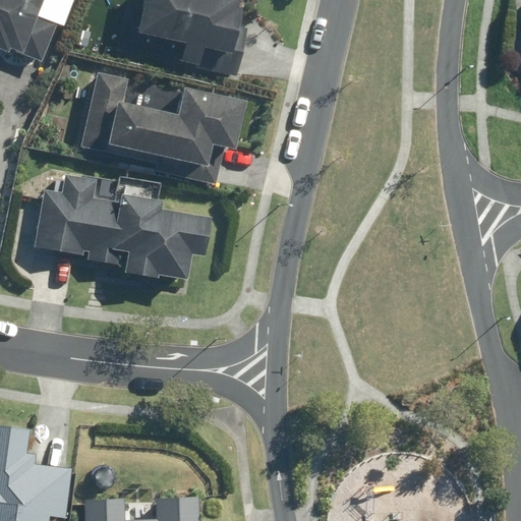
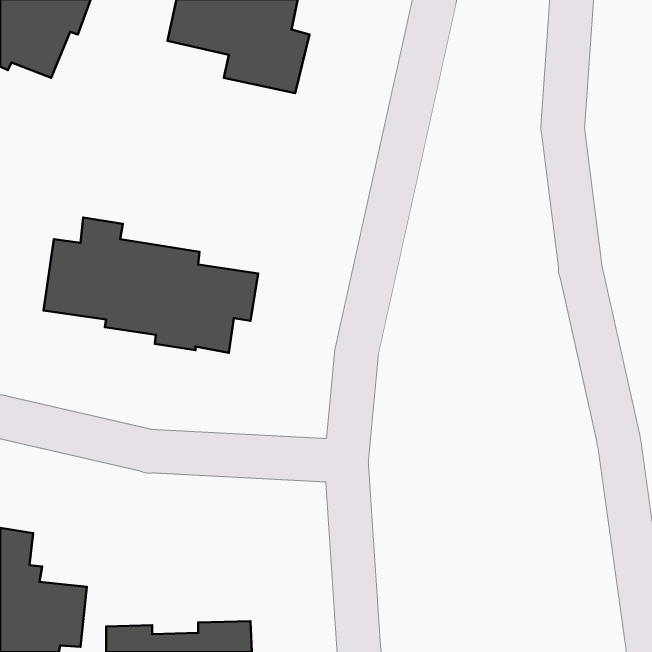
building: [76,70,245,179] -> none

